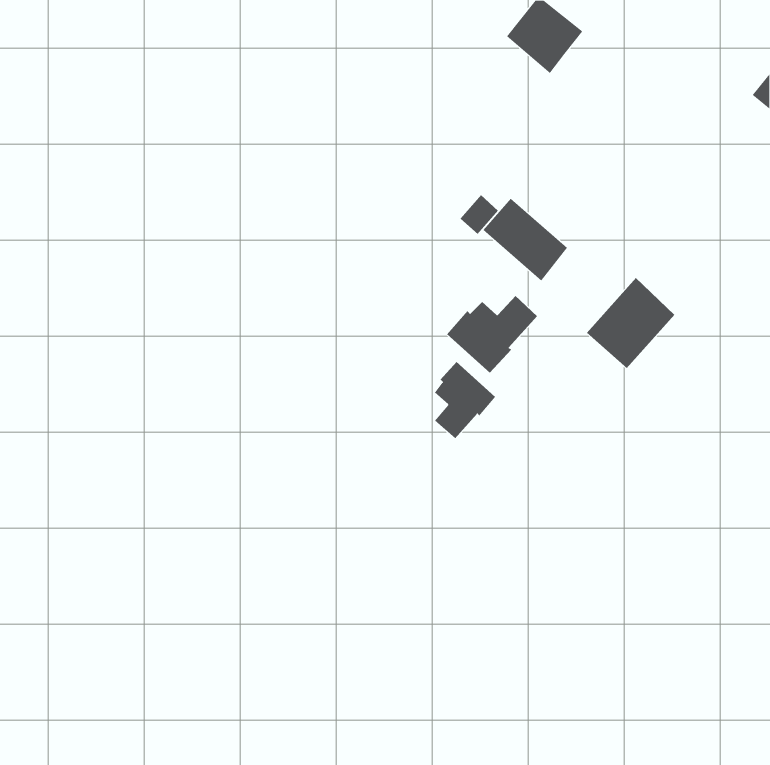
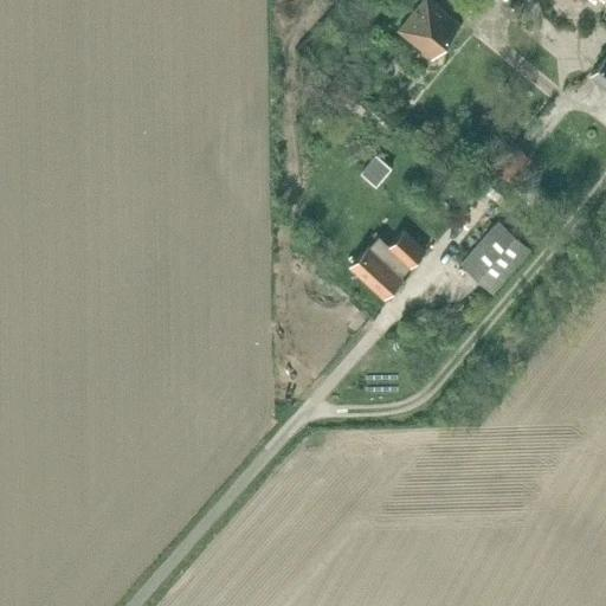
building: [482,198,568,282] -> none
building: [434,361,496,439] -> none

